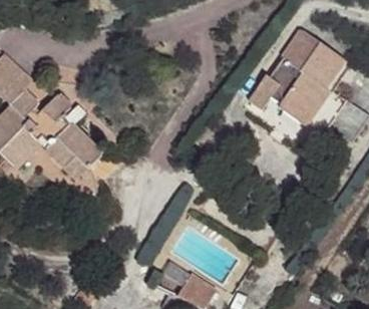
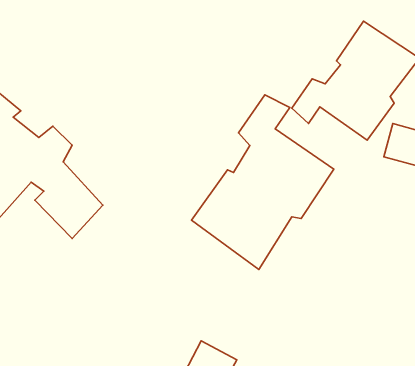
building: none -> [192,95,334,269]

